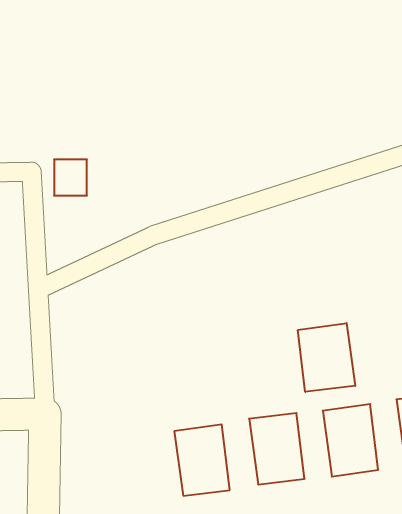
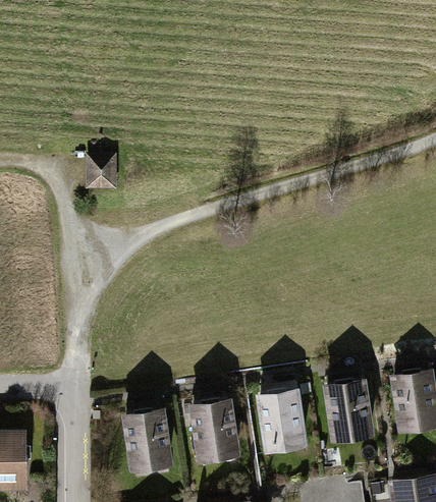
building: [298,323,355,392] -> none
building: none -> [123,408,173,472]

